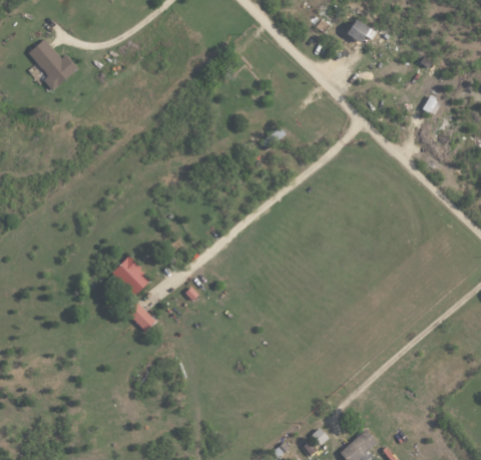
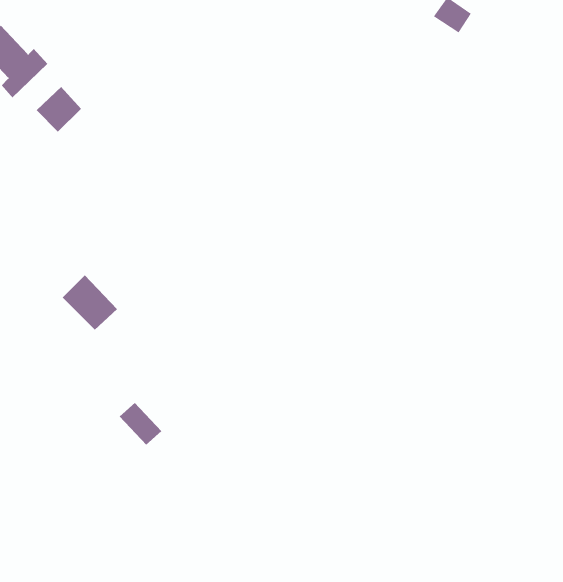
building: none -> [36,86,82,132]
building: [112,257,151,296] -> [62,274,118,331]

